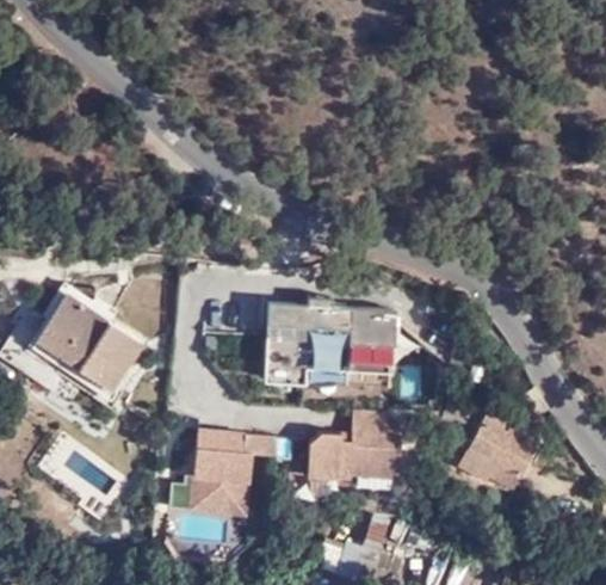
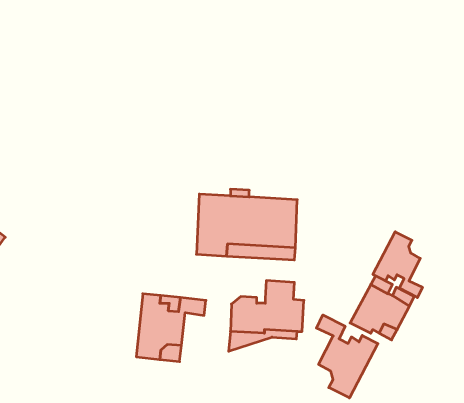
building: [26,295,138,401] -> none
building: none -> [373,232,422,298]
building: none -> [316,315,378,398]

